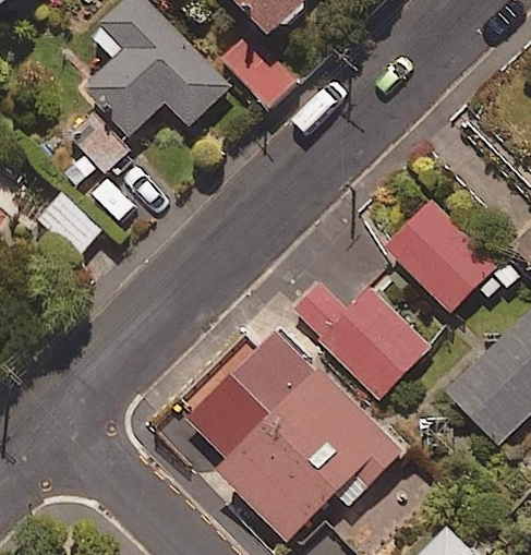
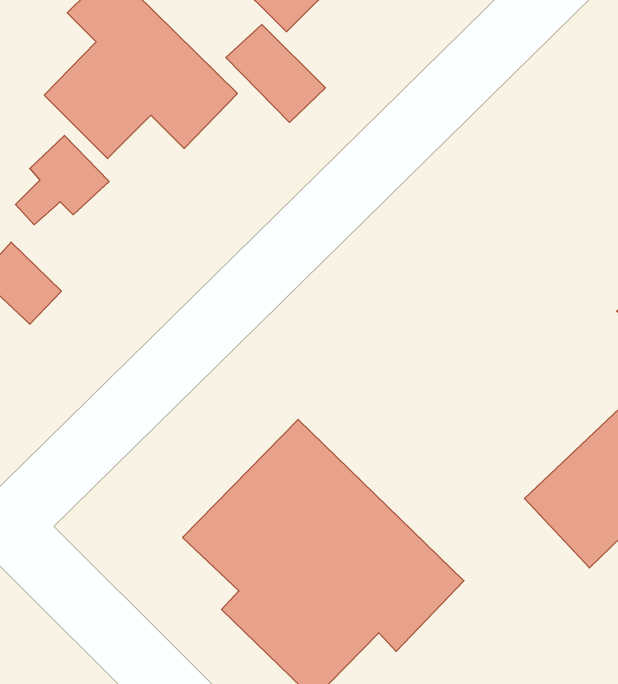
building: [386,197,500,312] -> none
building: [292,280,431,395] -> none

